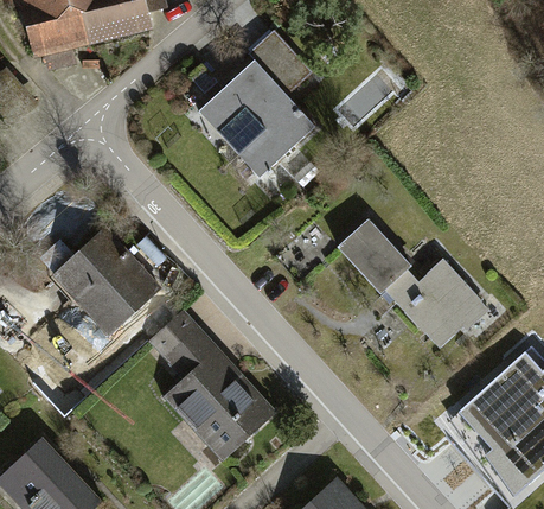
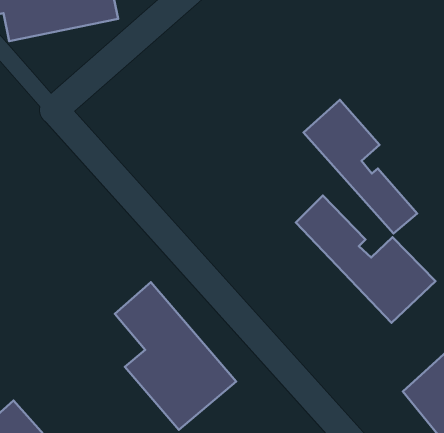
building: [201,30,320,177] -> none
building: none -> [304,100,417,233]
building: [52,223,160,332] -> none

